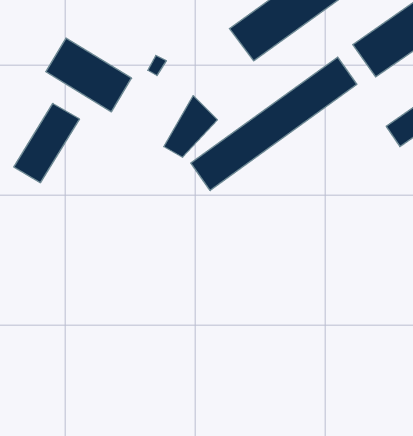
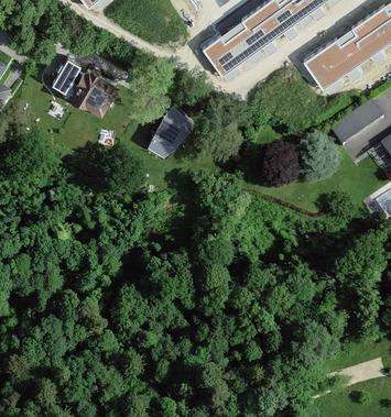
building: [191,57,357,191] -> none
building: [14,103,79,183] -> none

